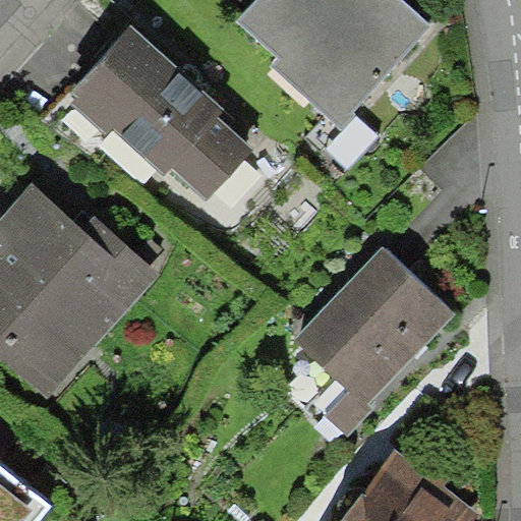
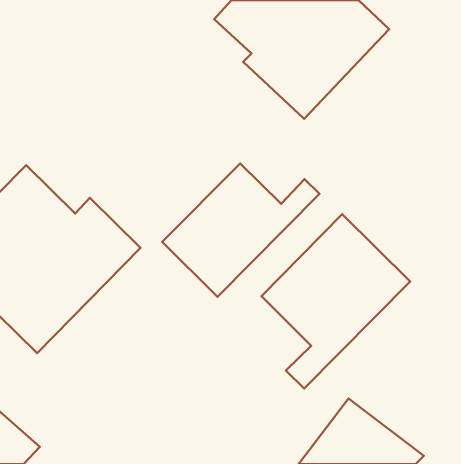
building: [70,33,248,204] -> none
building: none -> [162,163,320,297]

